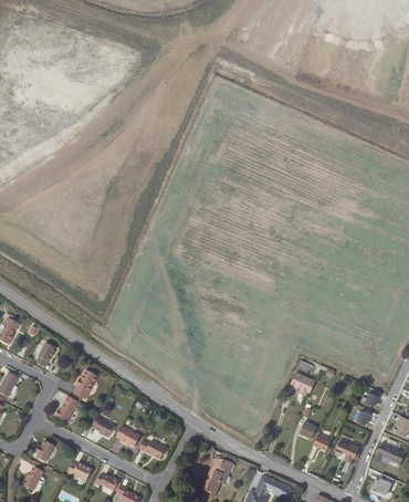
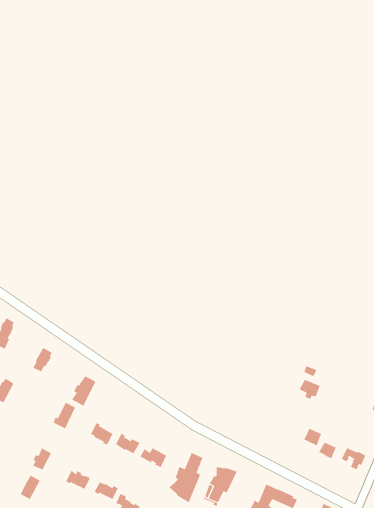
building: none -> [169,452,203,503]

